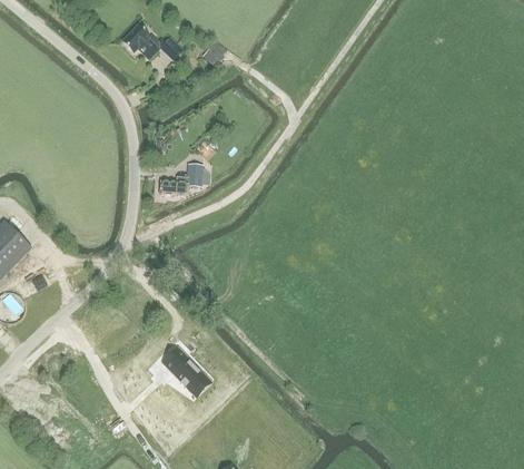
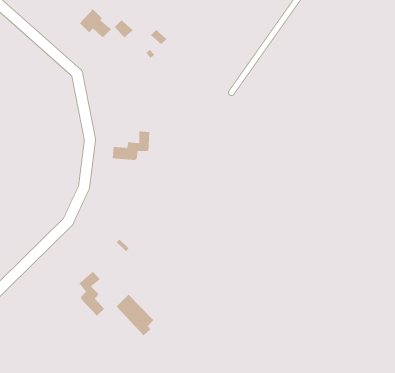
building: none -> [79,271,105,316]

